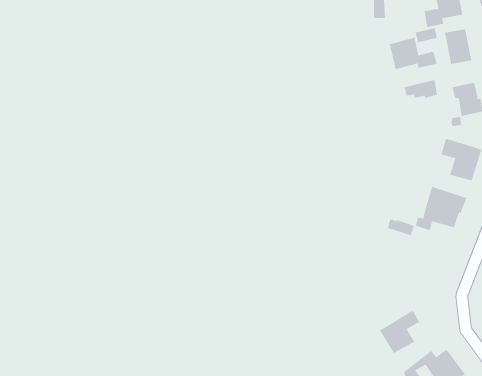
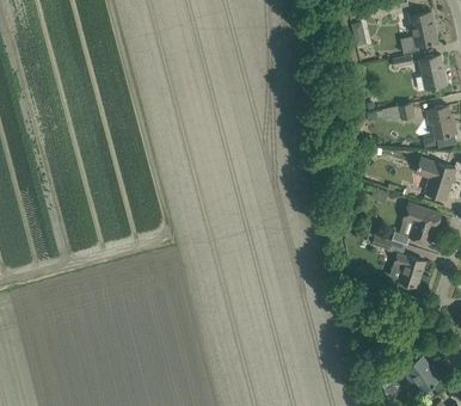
building: [389,37,437,70] -> none
building: none -> [395,253,425,287]
building: [379,310,420,354] -> none

